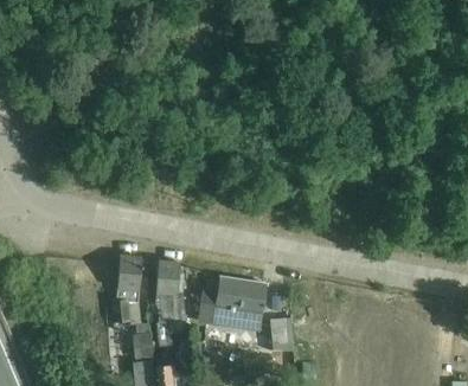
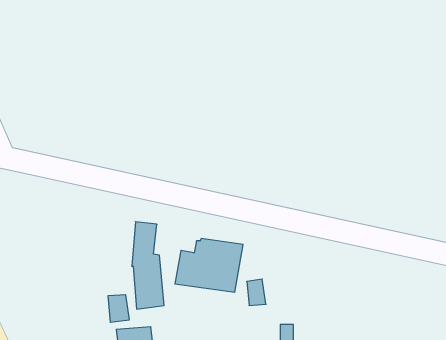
building: [113,256,150,326] -> none

